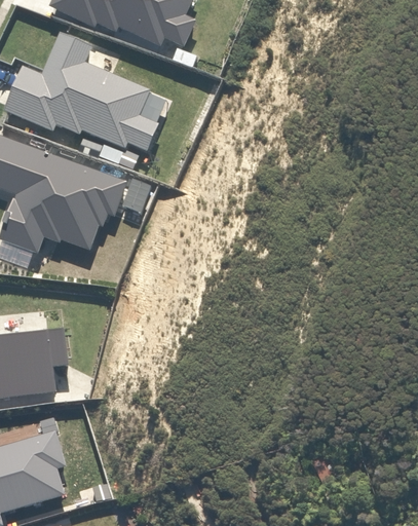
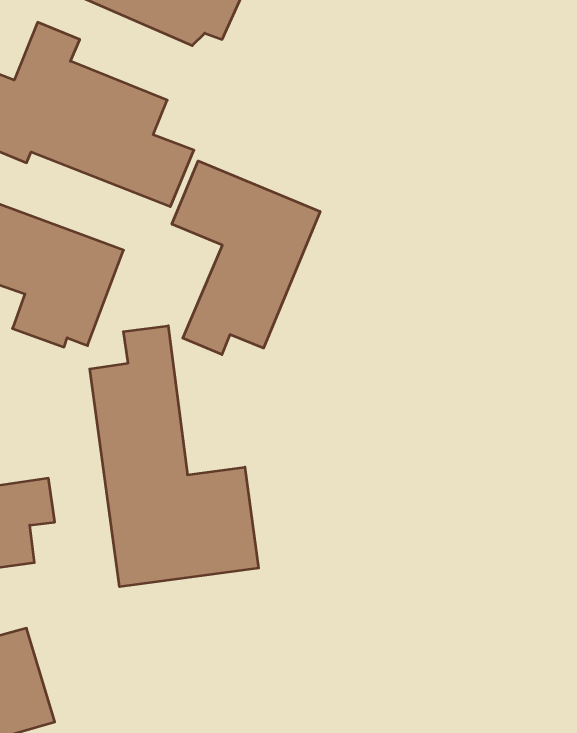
building: none -> [172,161,320,355]
building: none -> [90,326,259,587]

